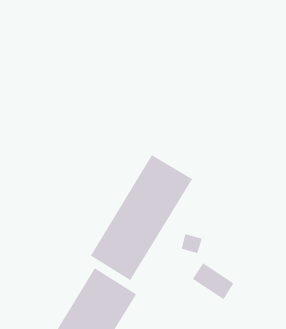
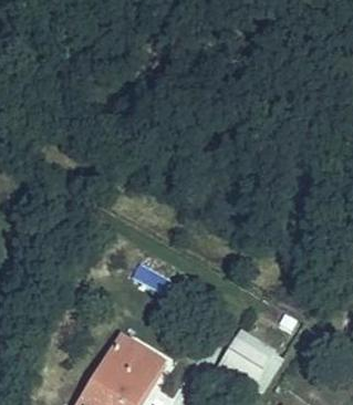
building: [90,154,193,281] -> none

